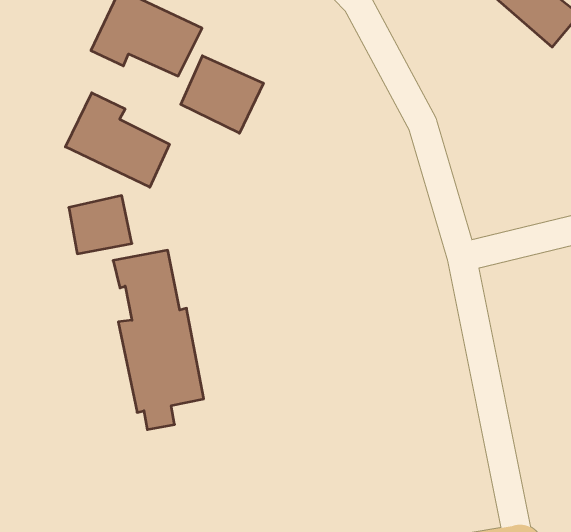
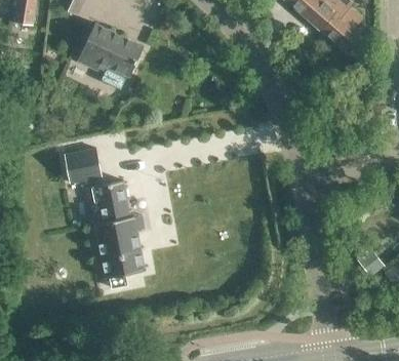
building: [181,56,263,133] -> none
building: [65,93,169,187] -> none

